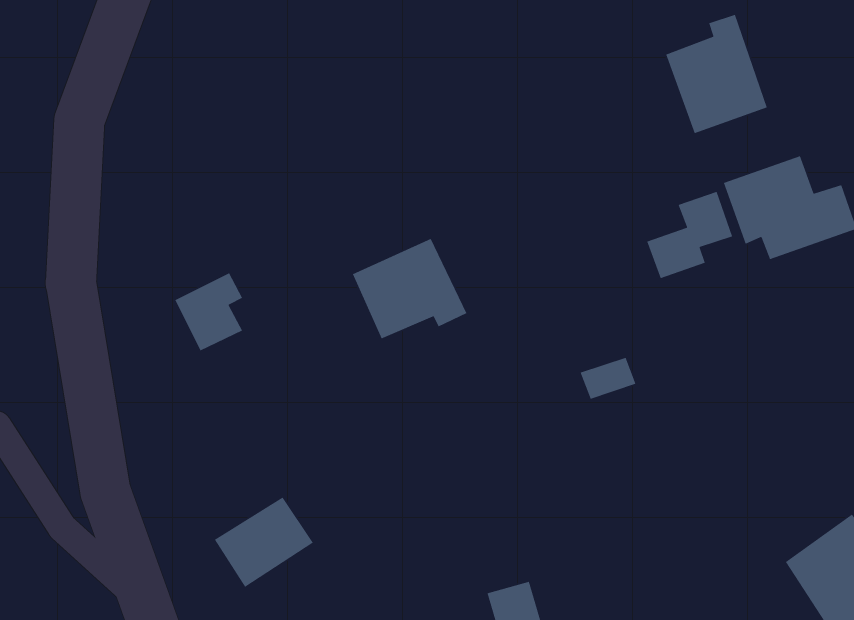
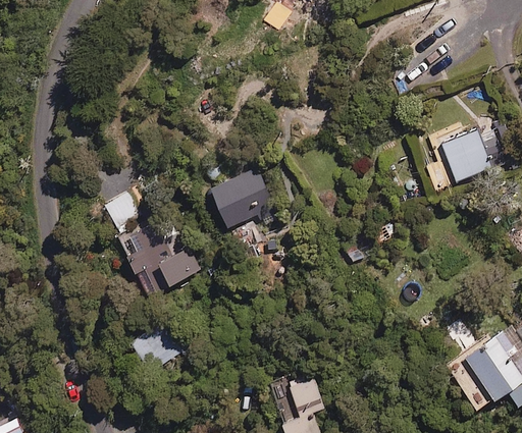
building: [665,14,768,134] -> none
building: [646,191,733,279] -> none
building: none -> [117,227,198,297]

